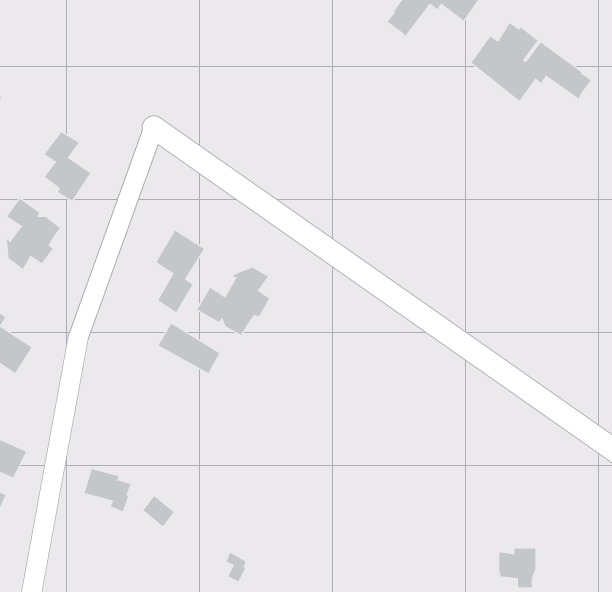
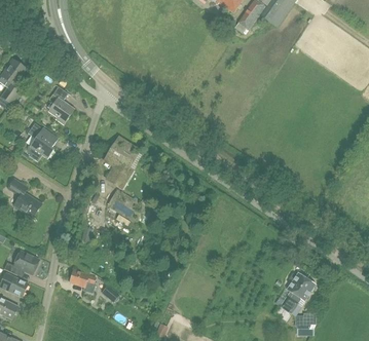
building: [470,22,592,102] -> none
building: [196,267,270,336] -> none
building: none -> [280,271,316,312]

